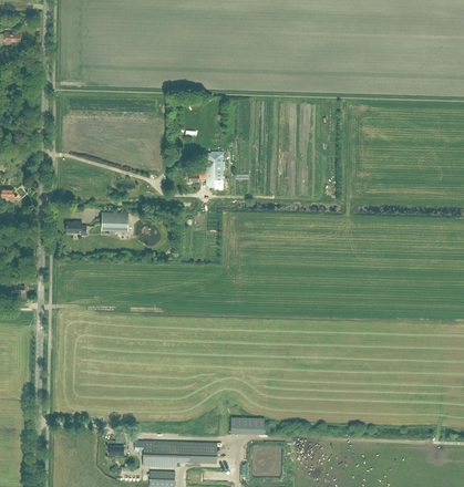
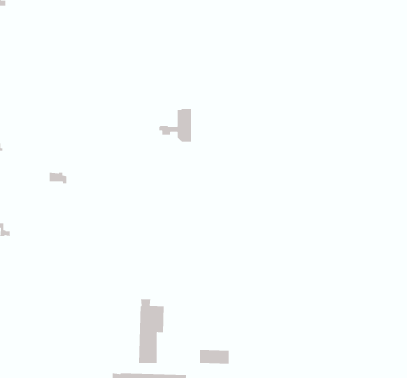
building: [102,213,128,230] -> none
building: none -> [138,298,165,364]

